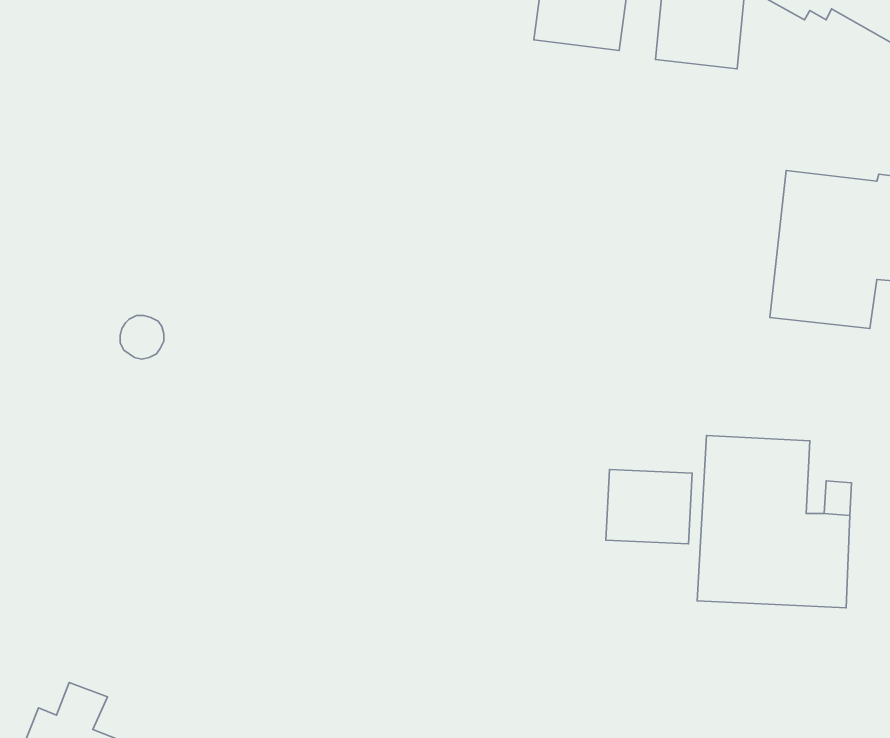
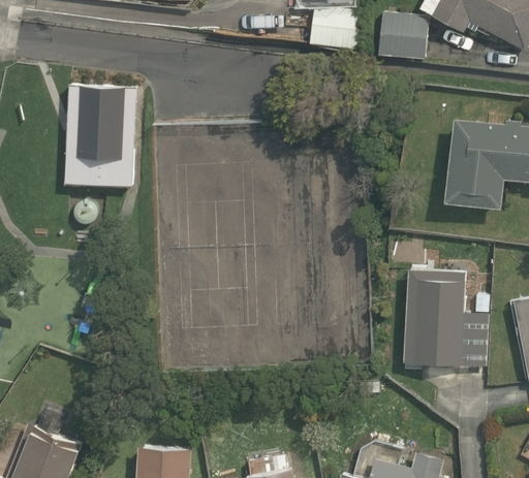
building: none -> [65,84,138,188]
building: [606,469,692,544] -> none

